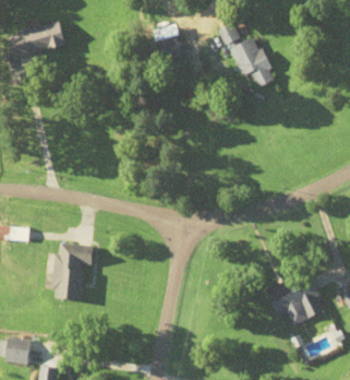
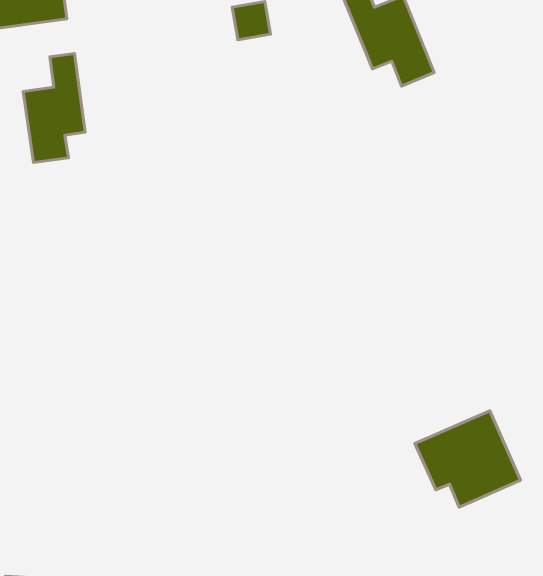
building: none -> [23,54,85,163]
building: [50,242,96,301] -> none

